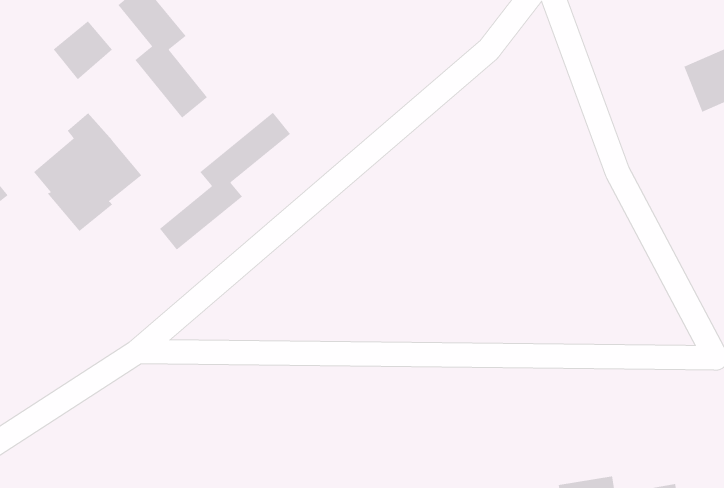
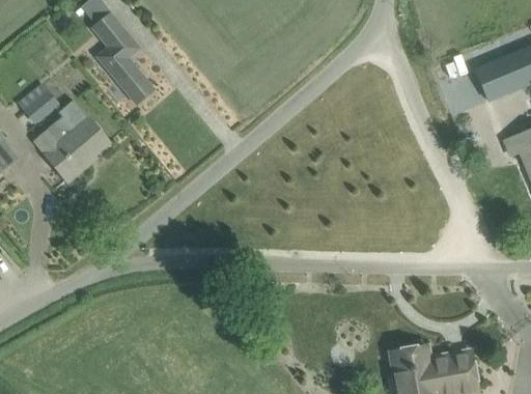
building: [53,20,113,80] -> [18,83,58,123]
building: [159,112,291,250] -> none

